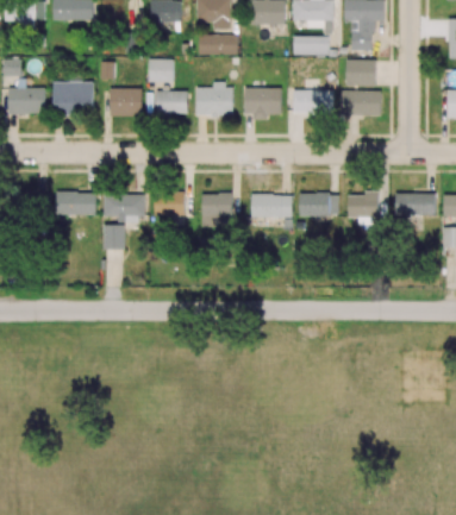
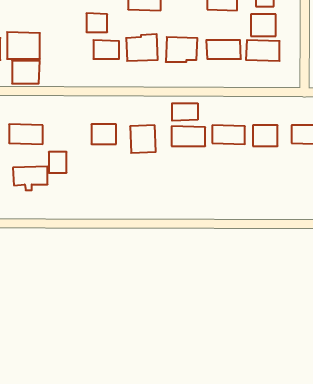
building: [108,88,142,115] -> [12,61,40,84]
building: none -> [172,103,198,121]
building: [102,194,144,222] -> [13,167,48,190]

